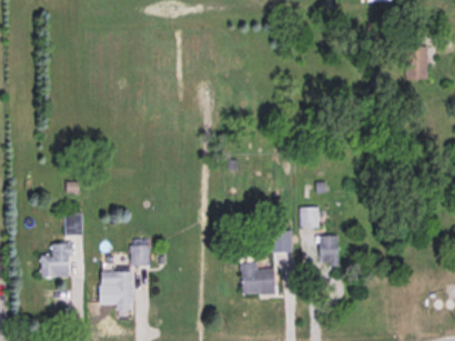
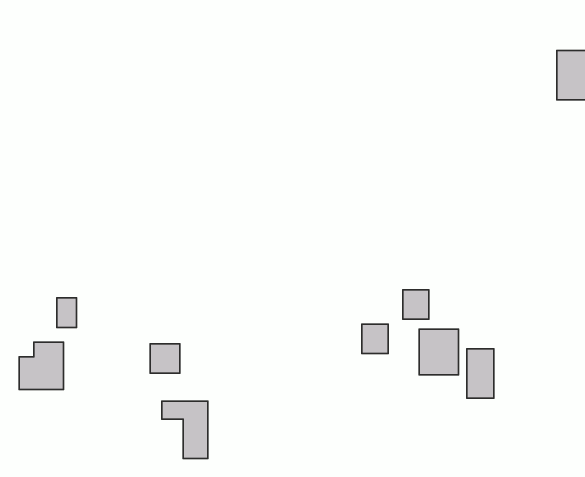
building: none -> [467,349,494,398]
building: [241,263,274,294] -> none
building: [100,272,131,311] -> [162,401,208,458]

